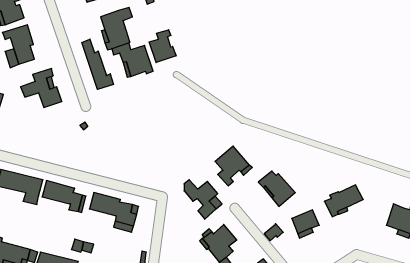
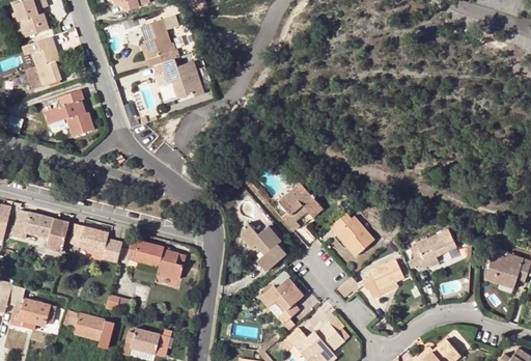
building: [149,30,176,63] -> none
building: [82,39,113,89] -> none

